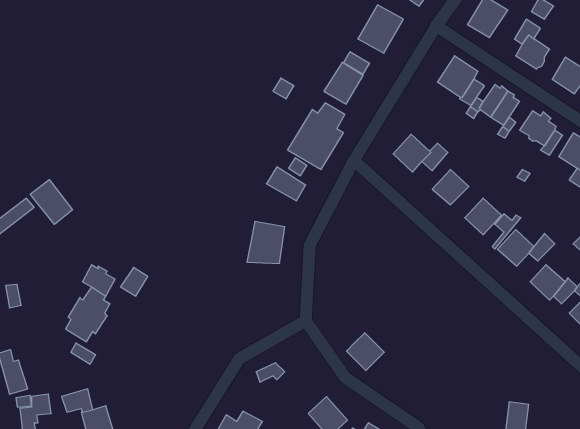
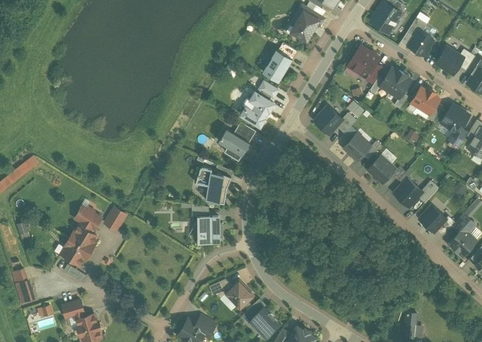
building: [30,180,72,224] -> none
building: none -> [196,216,218,243]
building: [346,333,384,371] -> [225,279,254,308]

